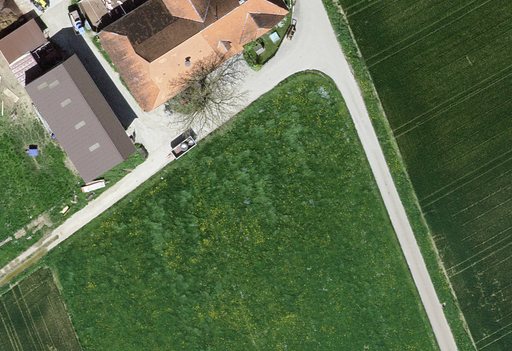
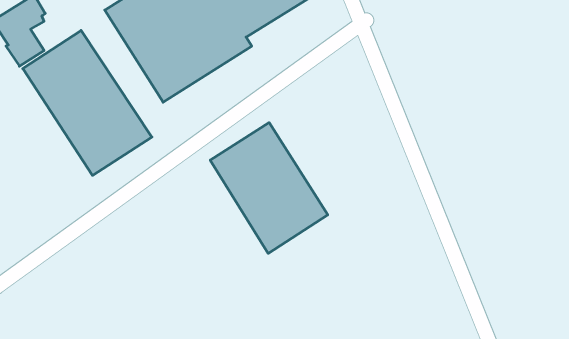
building: none -> [210,123,328,253]

